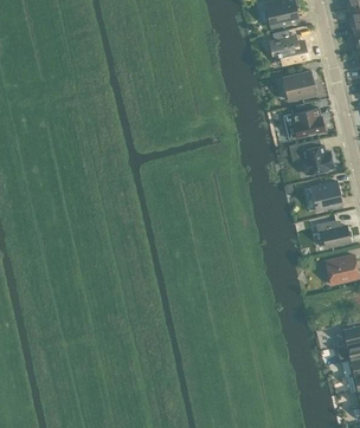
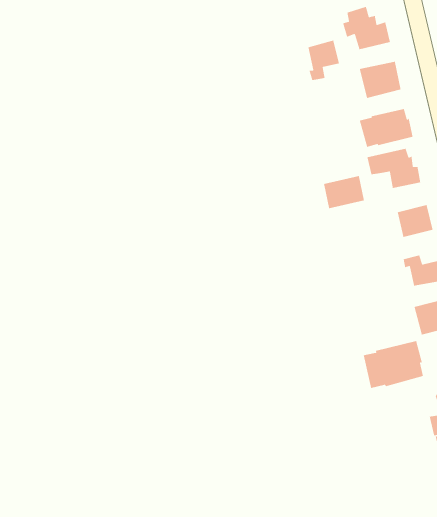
building: none -> [307,39,340,81]
building: none -> [323,175,365,209]
building: none -> [363,340,424,389]

